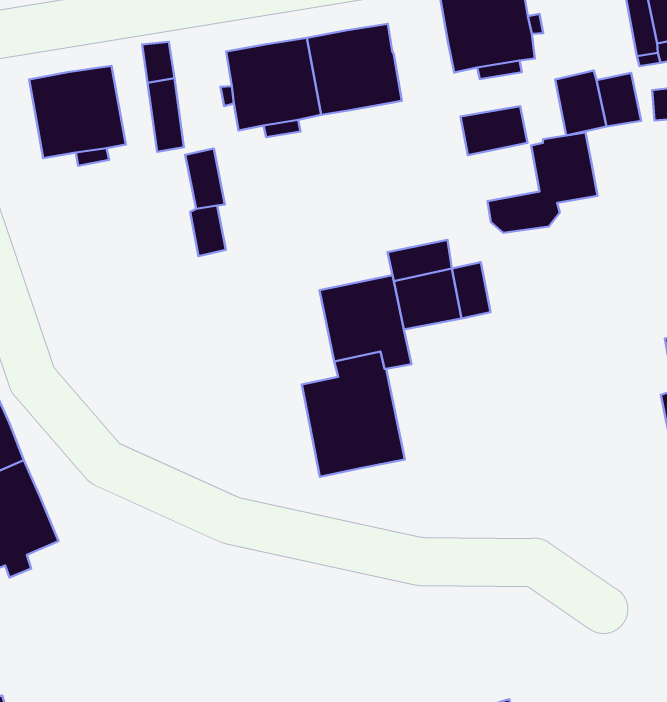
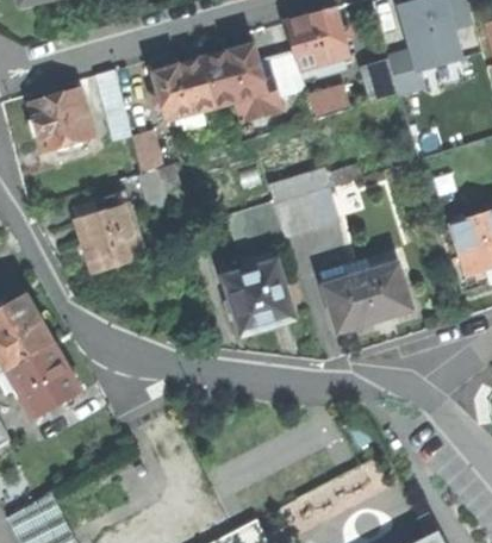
building: [488,132,597,233] -> [235,50,304,119]
building: none -> [76,193,143,273]
building: none -> [319,263,410,335]

